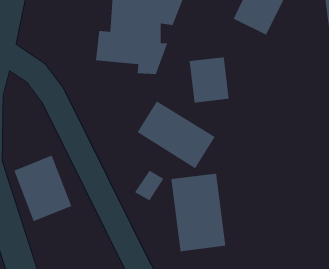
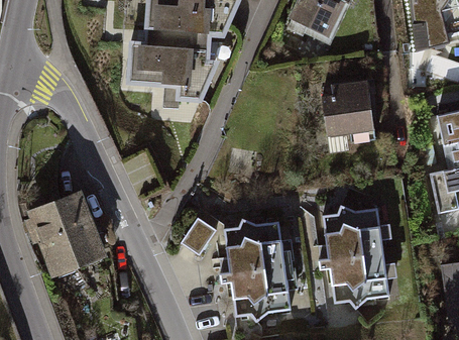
building: [189,57,229,103] -> [323,89,372,145]
building: [137,100,216,169] -> none
building: none -> [321,204,383,297]

